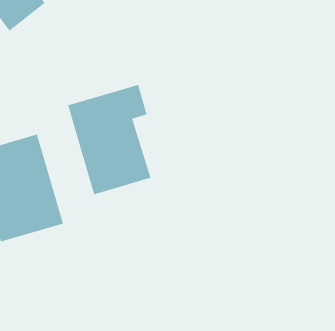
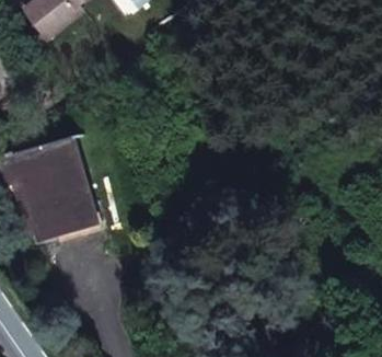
building: [68,84,151,195] -> none

